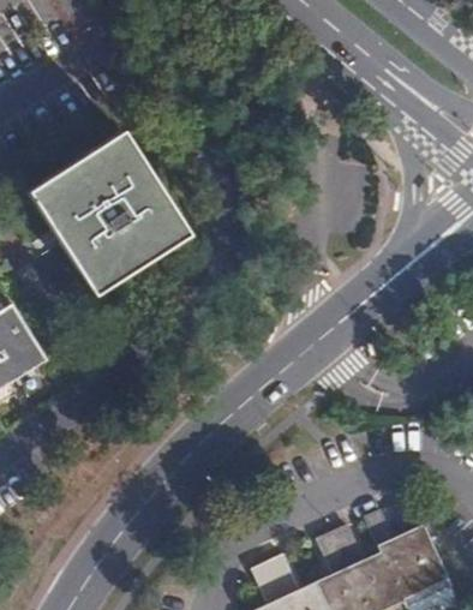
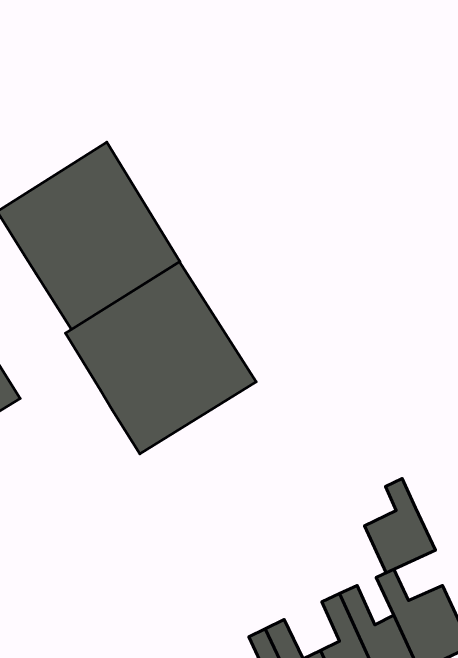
building: none -> [65,262,256,454]
building: none -> [365,479,435,573]

